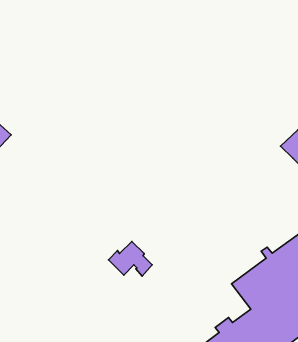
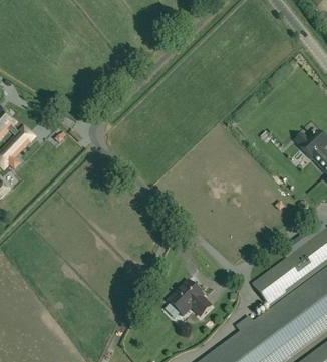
building: [108,241,152,276] -> [169,283,212,317]

